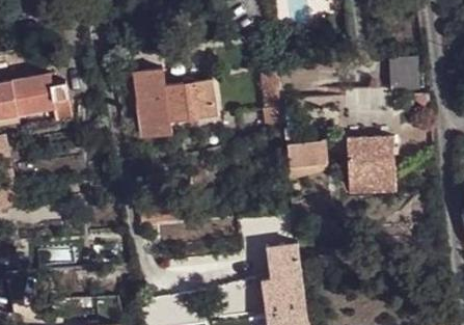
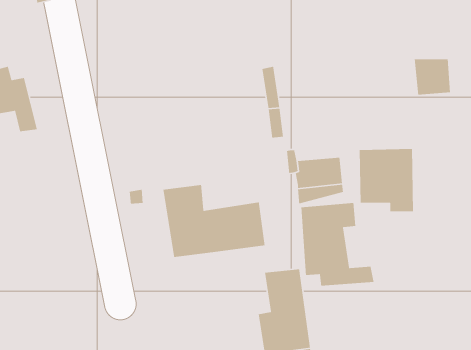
building: [131,63,218,126] -> [162,184,266,258]
building: none -> [301,202,374,286]

